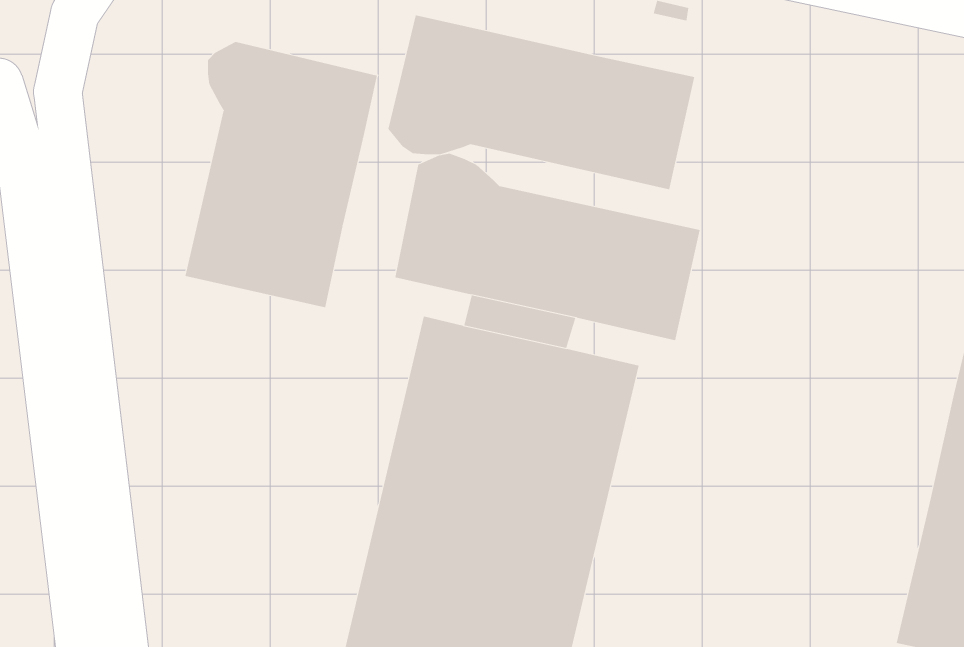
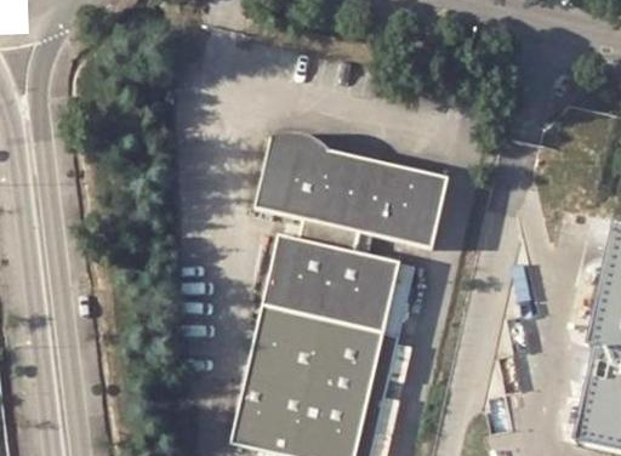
building: [388,15,695,190] -> none
building: [185,41,378,308] -> none

